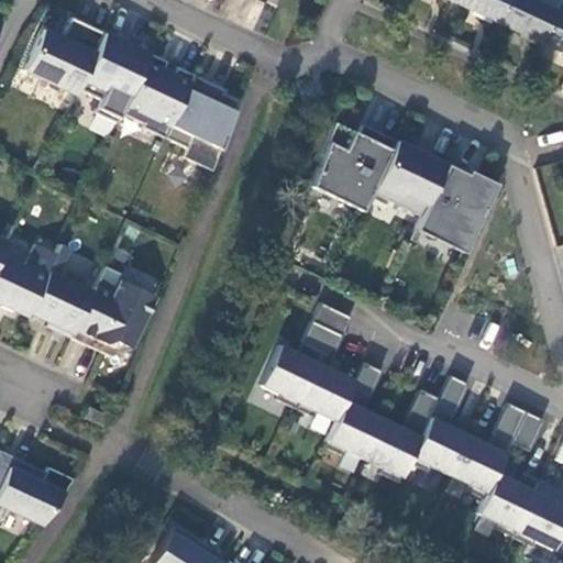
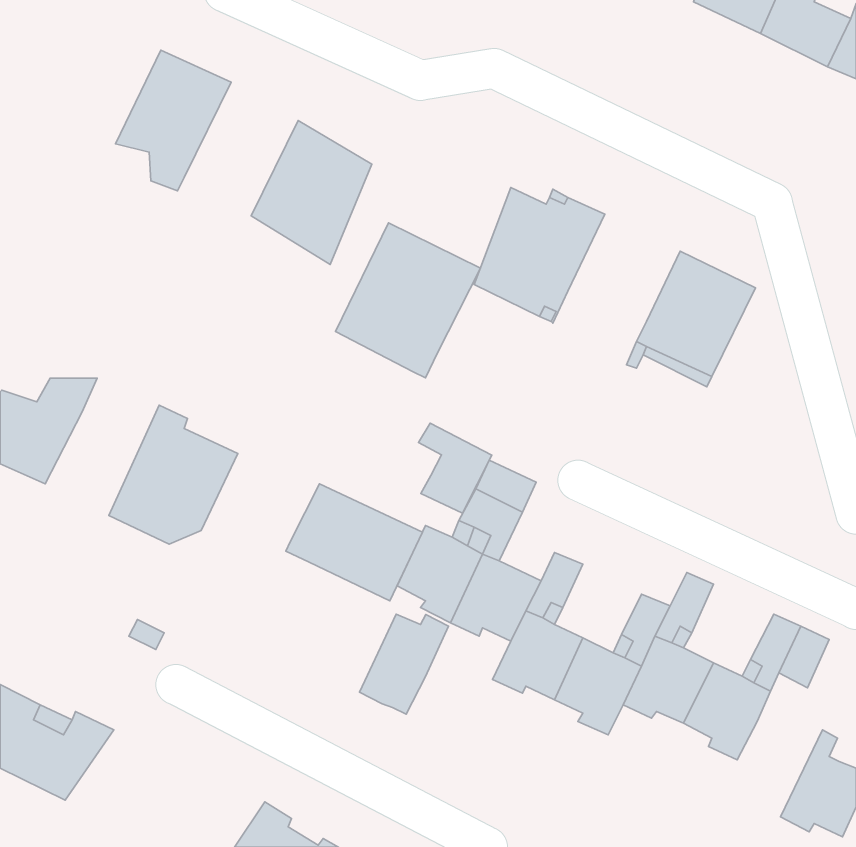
building: [24,18,106,95] -> none
building: [121,54,196,142] -> none
building: [373,141,446,211] -> none
building: none -> [335,223,480,378]
building: [30,271,93,339] -> none
building: none -> [419,423,492,513]
building: none -> [286,484,422,601]
building: none -> [359,614,449,714]
building: [477,474,540,537] -> none

